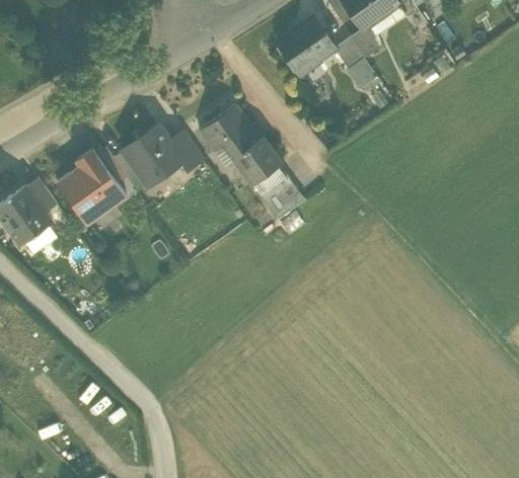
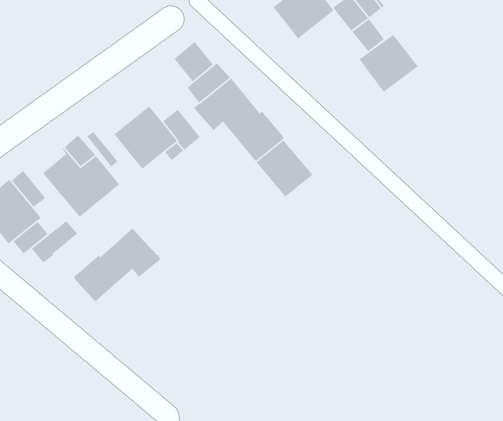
building: none -> [174,41,214,82]
building: none -> [359,34,419,93]
building: none -> [31,220,78,264]
building: none -> [73,227,162,302]

